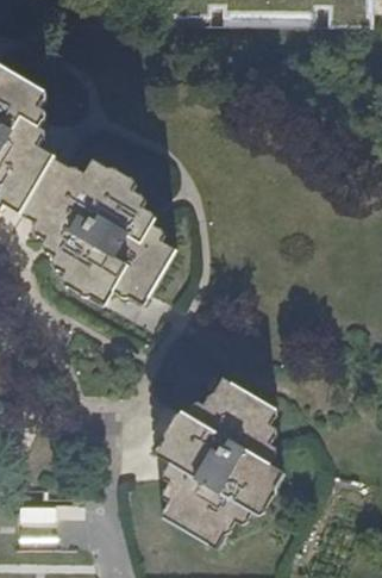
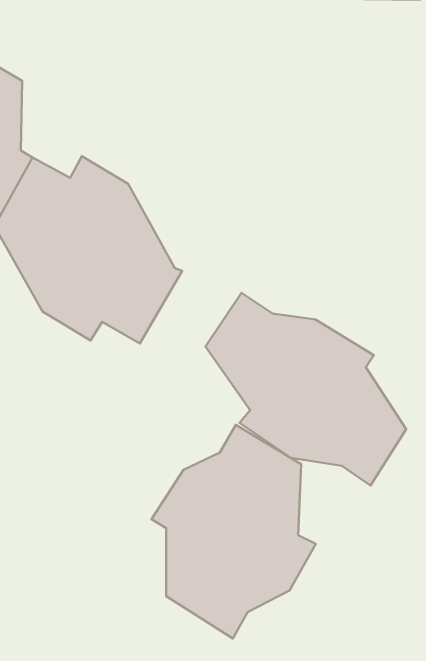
building: none -> [206,293,406,486]

